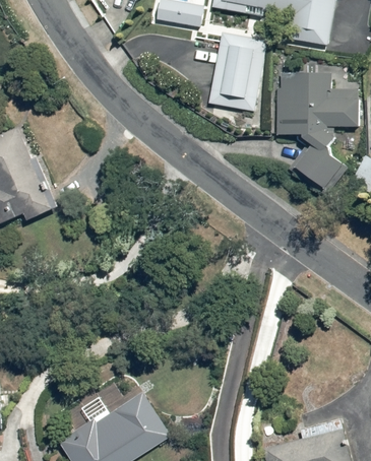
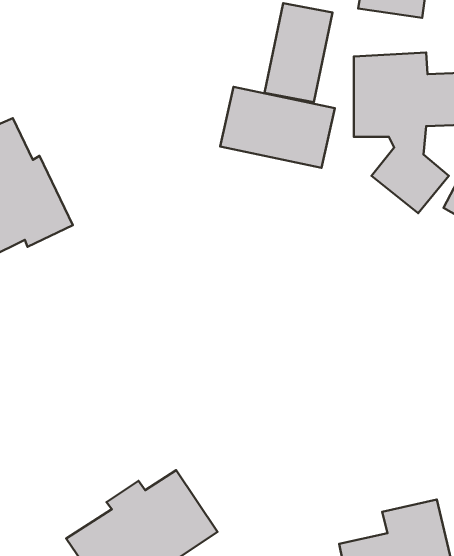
building: none -> [220,87,335,168]

